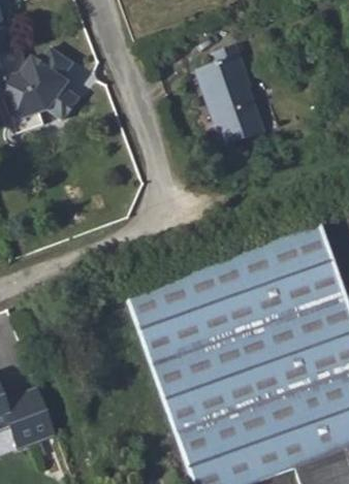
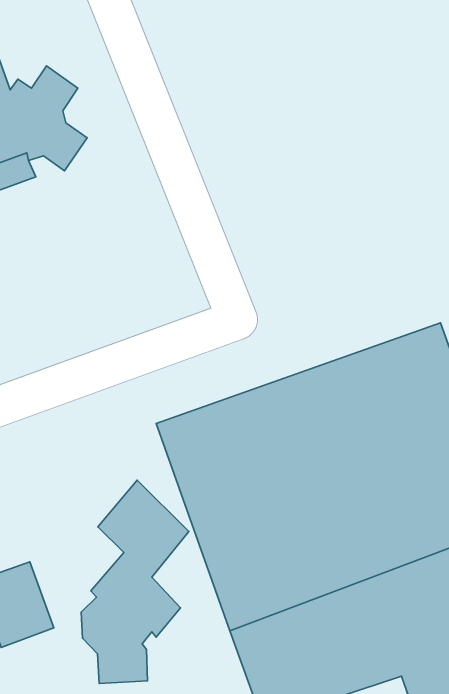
building: [196,45,264,147] -> none
building: none -> [81,480,189,683]

